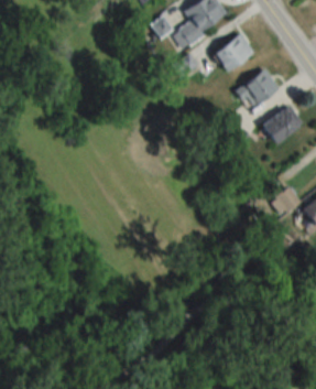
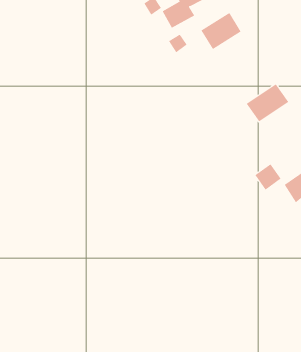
building: [240,68,280,107] -> none

